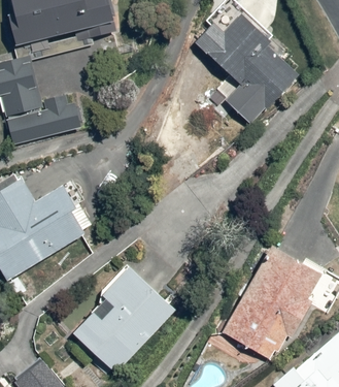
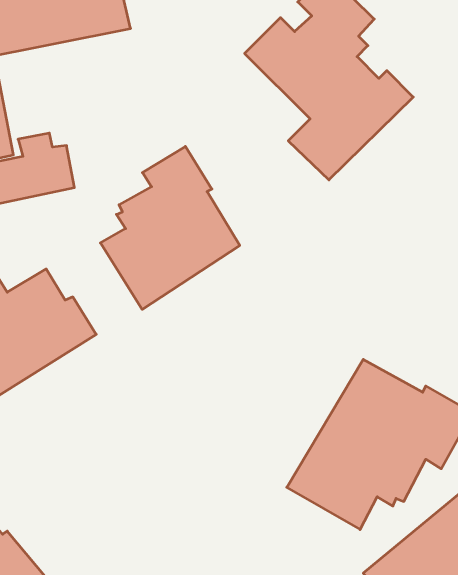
building: none -> [100,146,240,309]
building: [73,262,173,372] -> none

